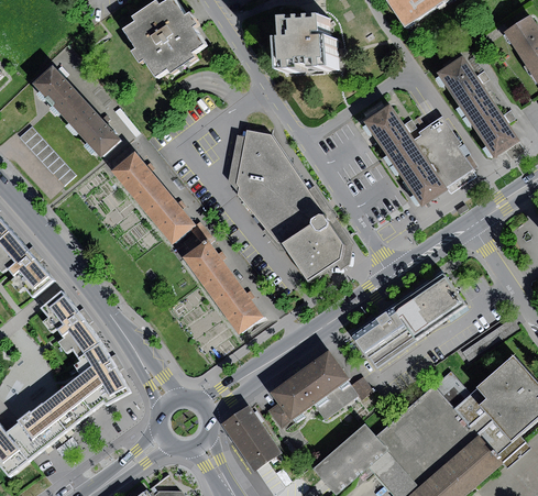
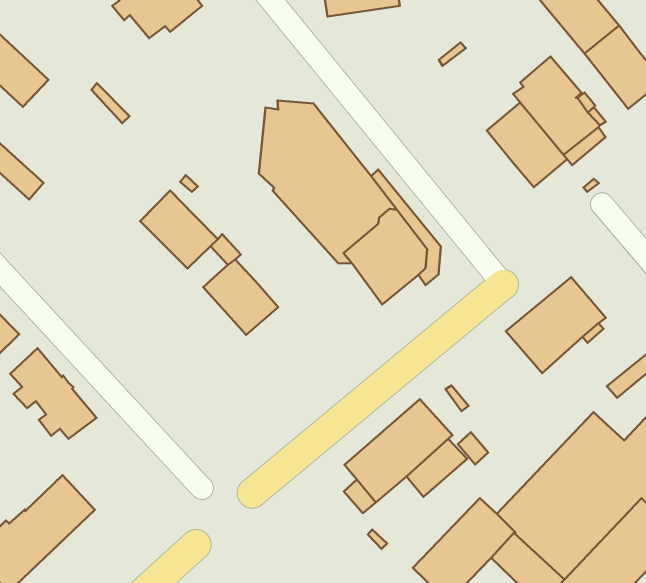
building: [65,101,121,157] -> none
building: [362,103,417,164] -> none
building: [111,151,164,207] -> none
building: [209,276,263,333] -> none
building: [352,307,416,365] -> none
building: [70,343,129,408] -> none
building: [222,405,282,470] -> none

